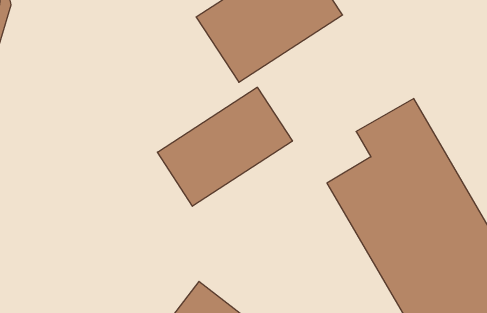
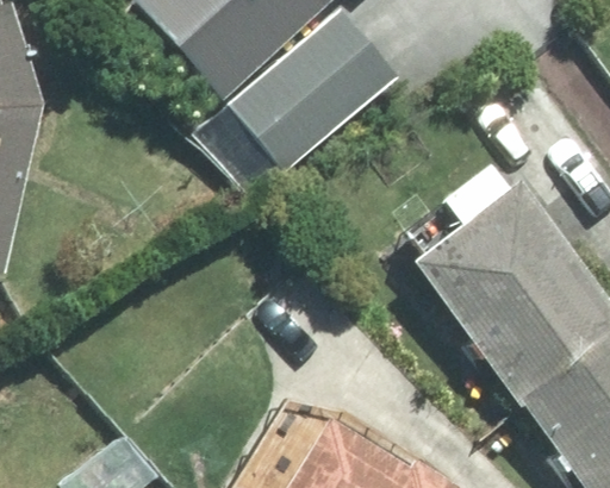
building: [157,87,292,206] -> none

